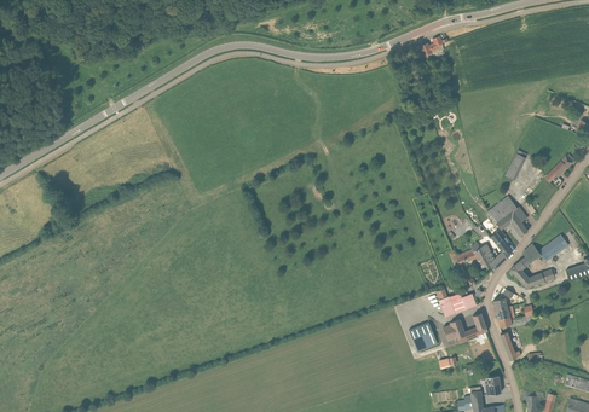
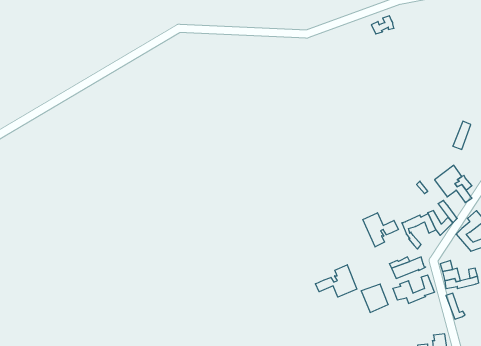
building: none -> [363,213,398,247]
building: none -> [315,265,357,297]

